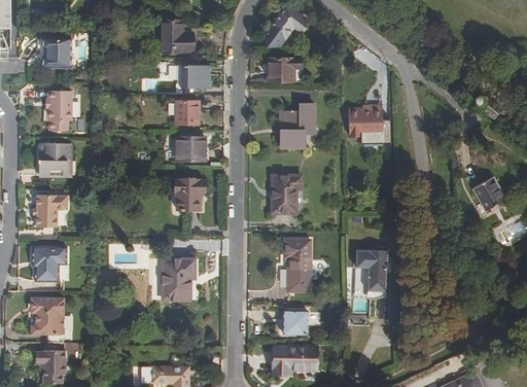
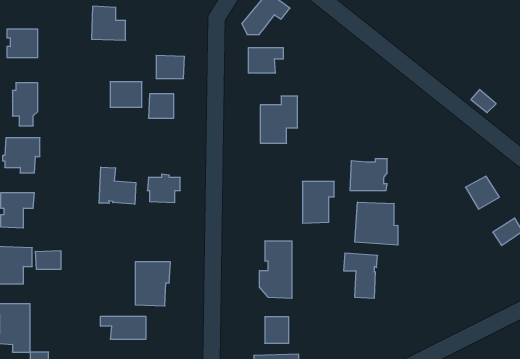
building: [160,21,191,52] -> [92,6,126,40]
building: [347,105,382,135] -> [350,159,387,191]
building: [175,137,205,161] -> [110,82,142,107]
building: none -> [99,167,136,204]
building: [271,175,301,214] -> [302,181,334,223]
building: none -> [355,202,398,245]
building: none -> [36,251,61,269]
building: none -> [101,316,146,339]

